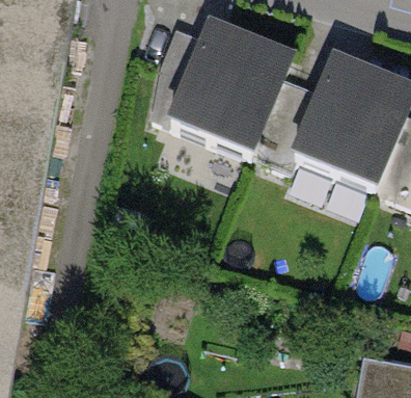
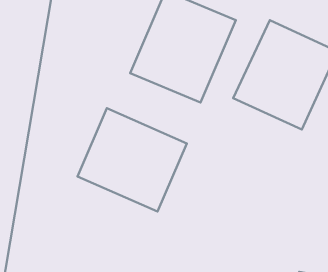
building: none -> [78,108,187,212]

